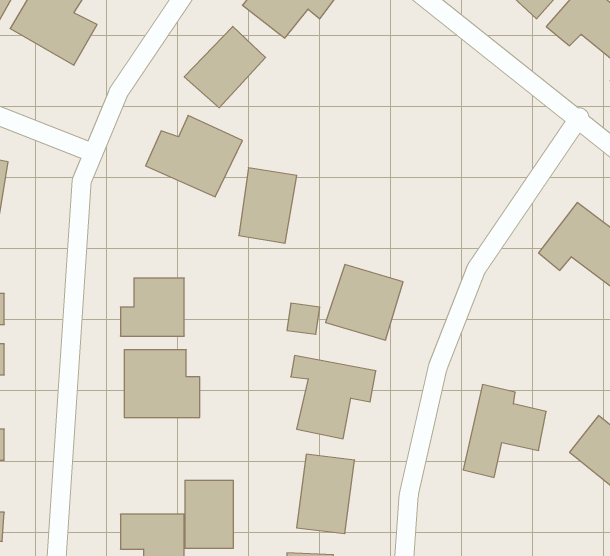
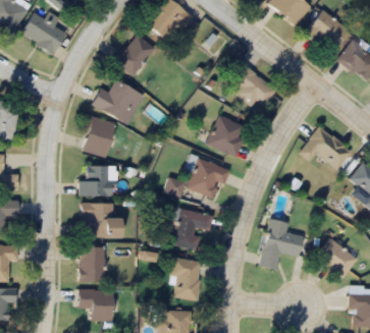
building: none -> [225,62,276,112]
building: [239,168,297,243] -> [85,117,115,157]
building: none -> [207,115,246,157]
building: [185,480,233,548] -> [80,247,105,283]

